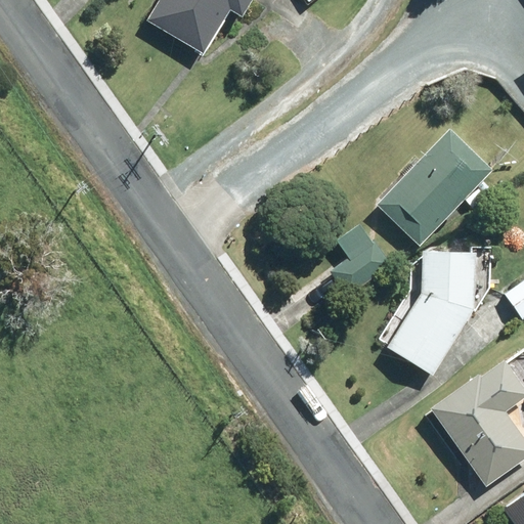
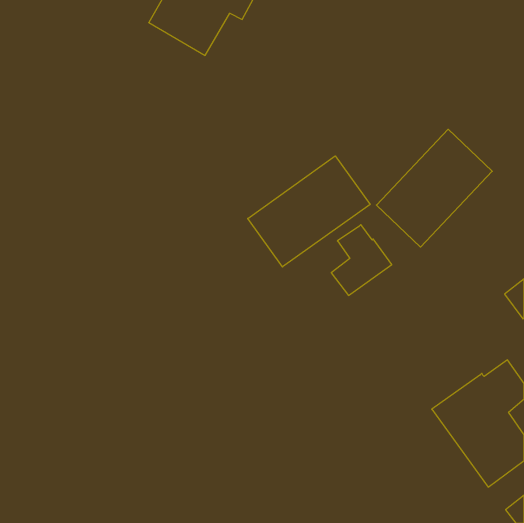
building: none -> [248,156,370,267]
building: [388,250,477,374] -> none

